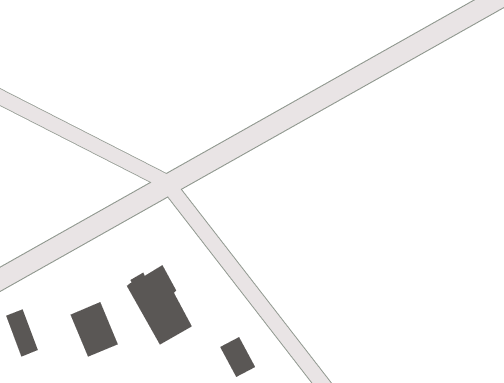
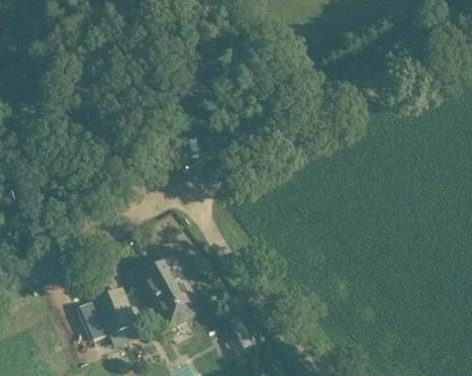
building: [5,308,39,357] -> [78,300,106,342]

